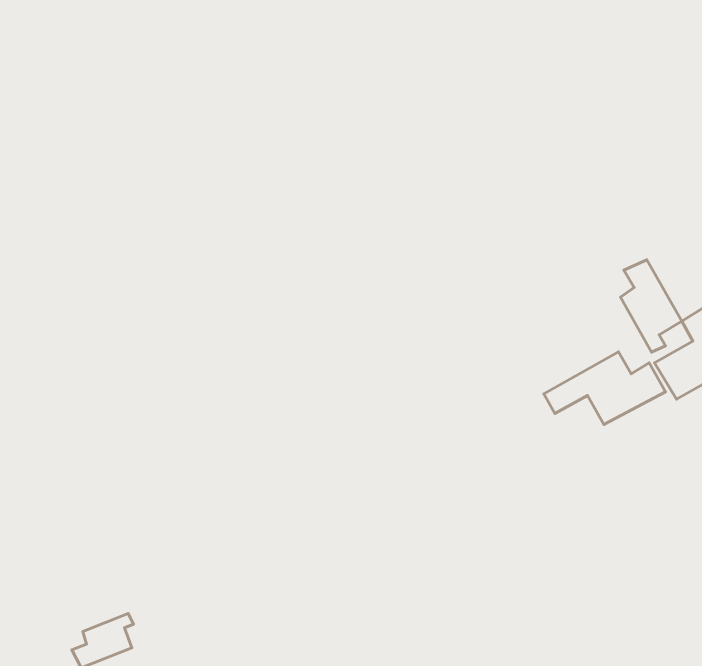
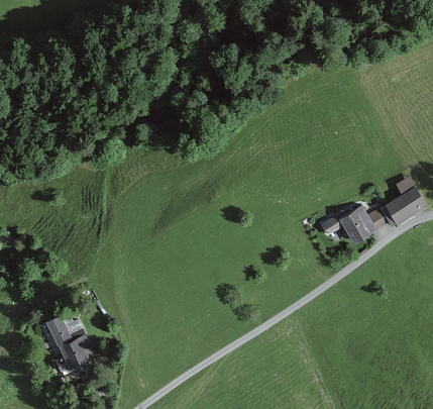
building: [621,260,682,352] -> none
building: none -> [39,315,89,356]

